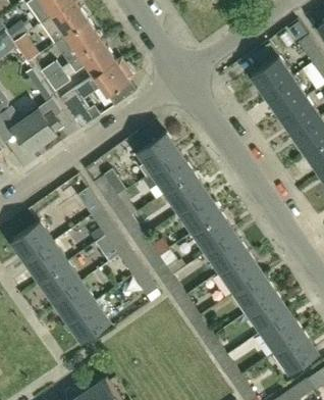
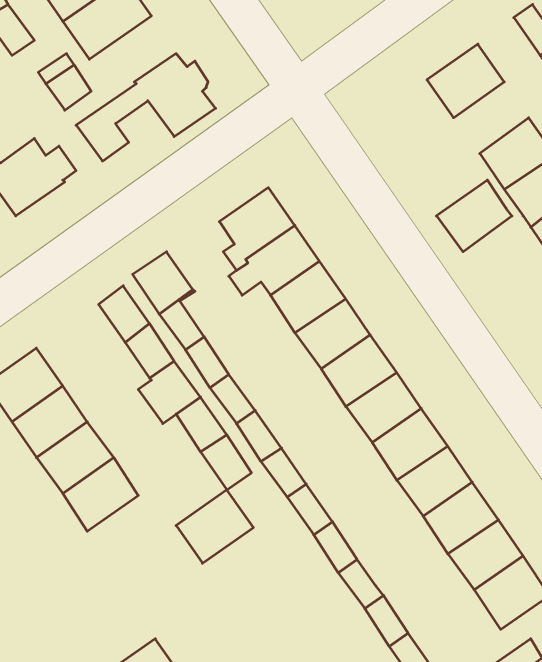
building: [68,42,115,78] -> none
building: [265,78,306,116] -> [436,180,512,252]
building: [67,301,109,341] -> [176,490,253,563]

